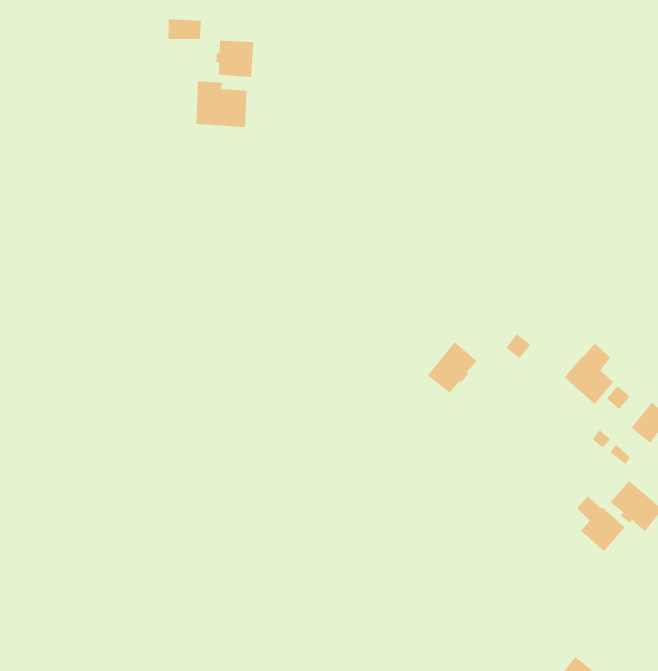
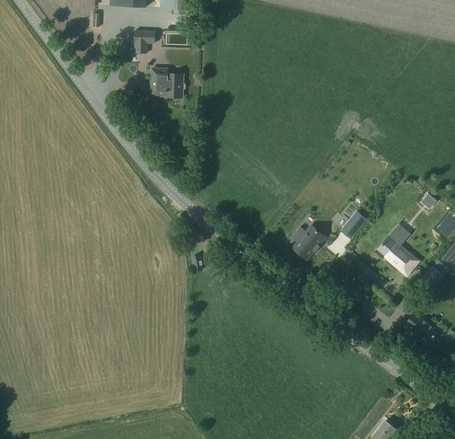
building: [216,40,254,78] -> none
building: [576,495,625,552] -> none

